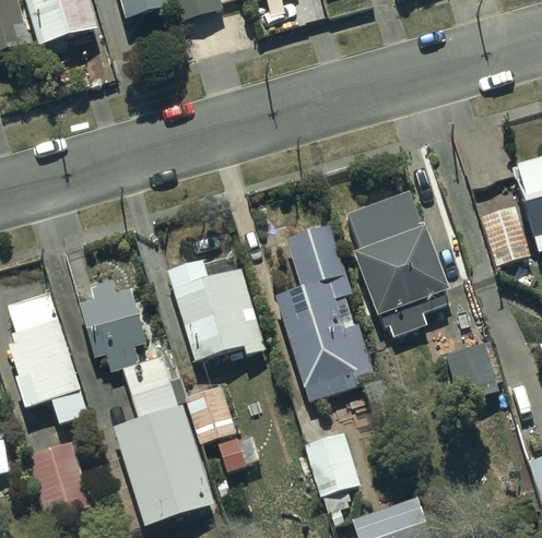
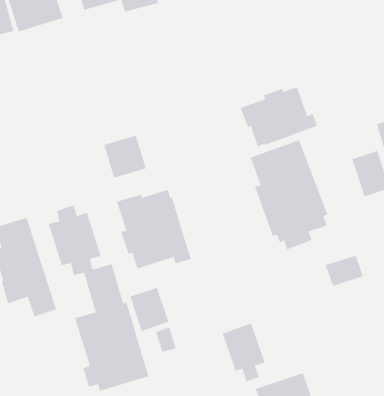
building: none -> [240,87,318,147]
building: none -> [103,135,147,179]
building: [274,223,378,402] -> none
building: [28,442,92,519] -> none

